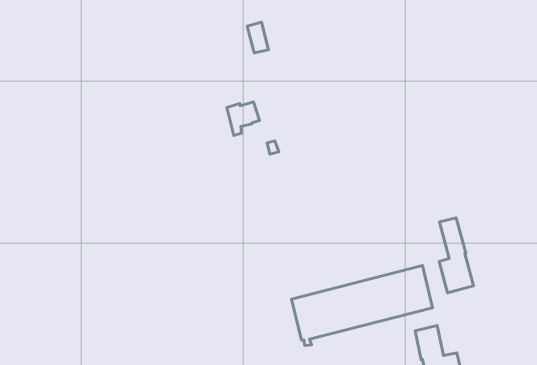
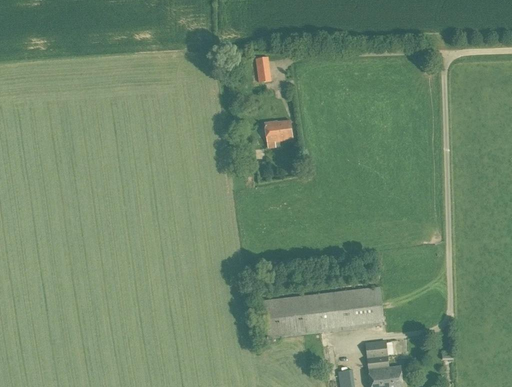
building: [227,102,259,135] -> [265,119,292,146]
building: [439,218,474,293] -> none

